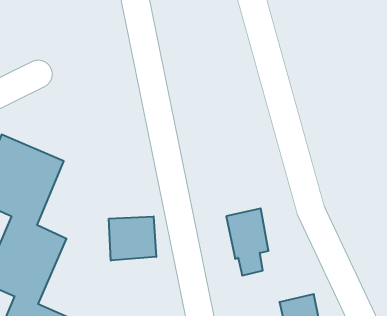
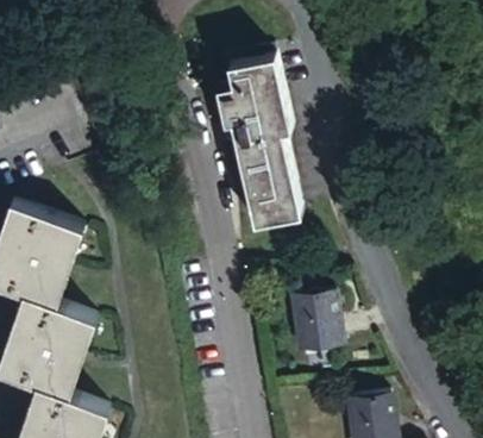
building: none -> [221,56,299,220]
building: [109,216,156,261] -> none

